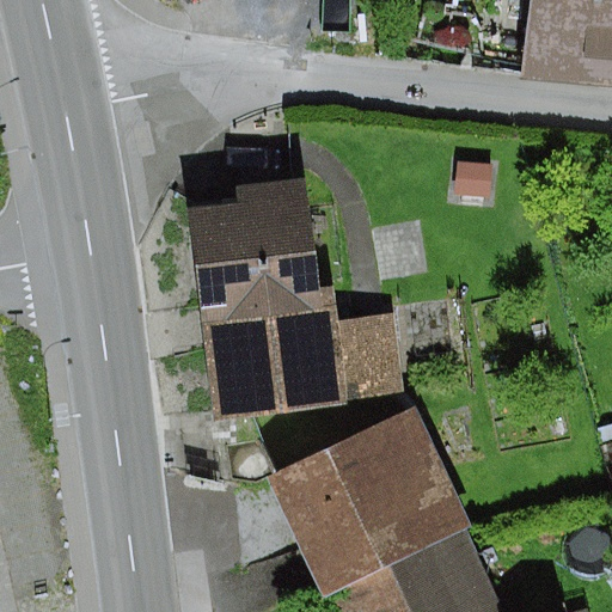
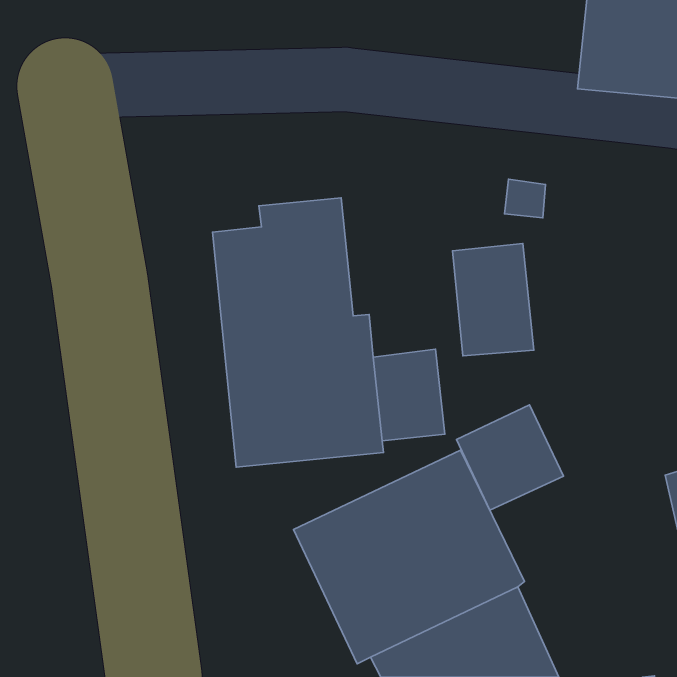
building: none -> [452,243,534,356]
building: none -> [456,405,563,510]

